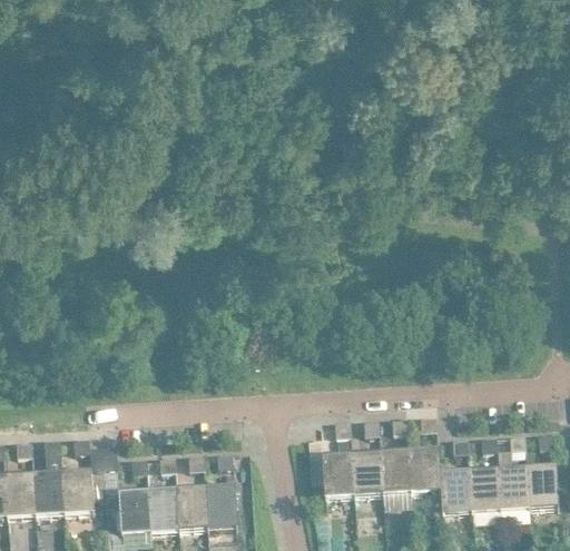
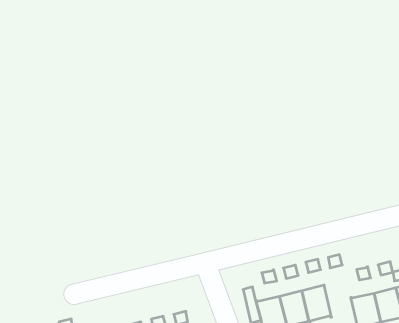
building: [410,447,441,492] -> none

